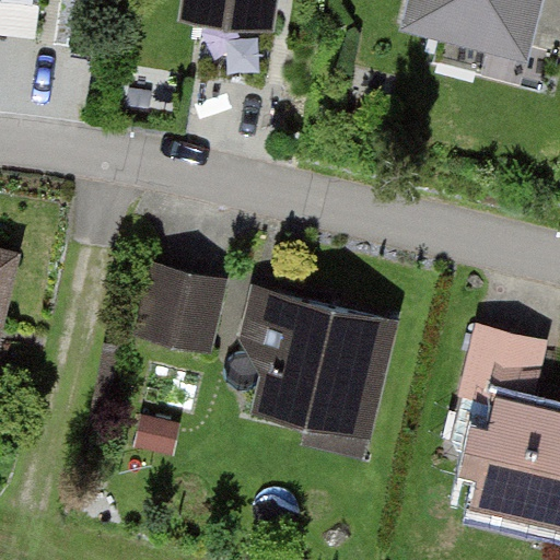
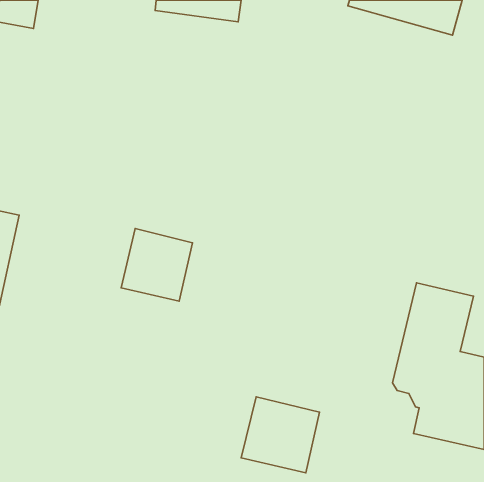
building: [258,296,390,430] -> none
building: none -> [241,397,319,473]

